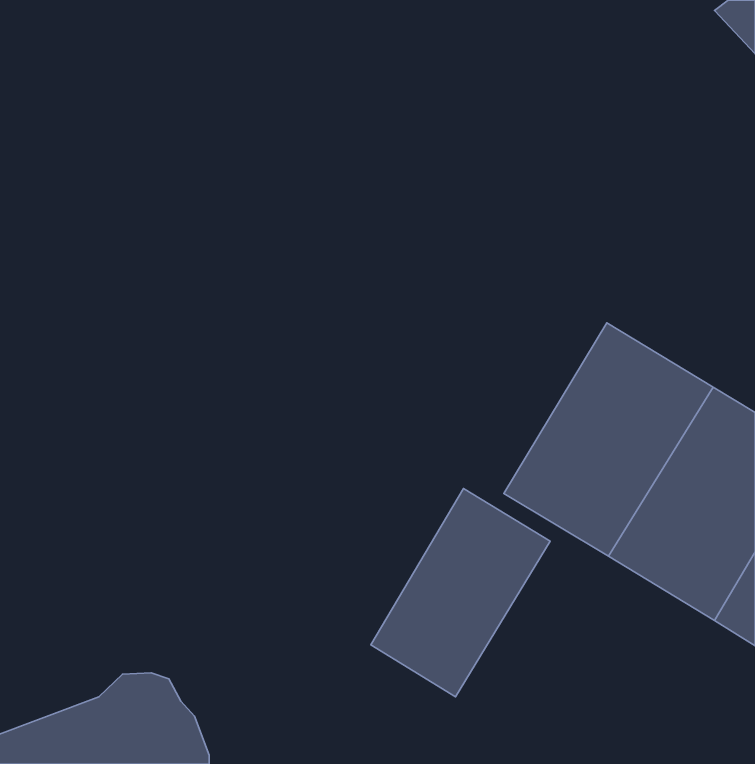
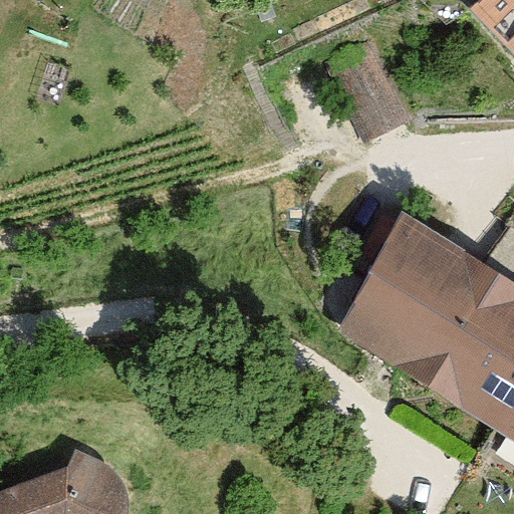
building: [371,489,550,697] -> none

